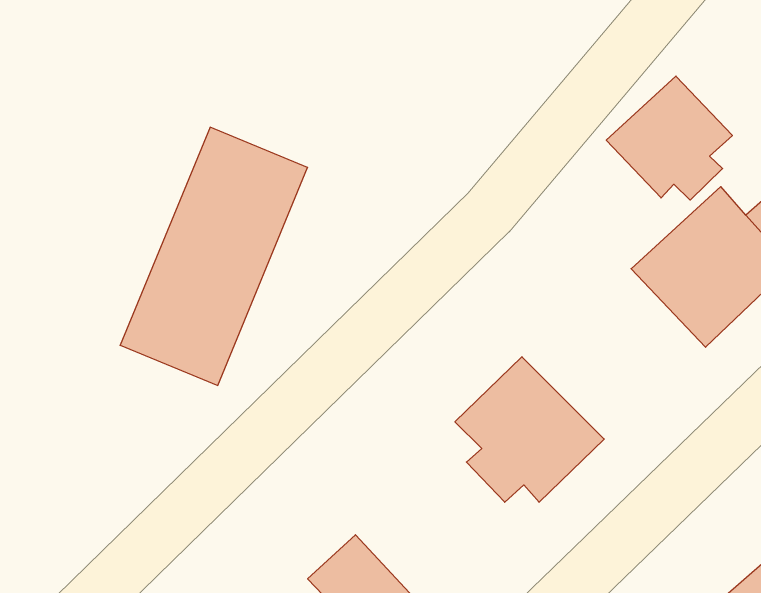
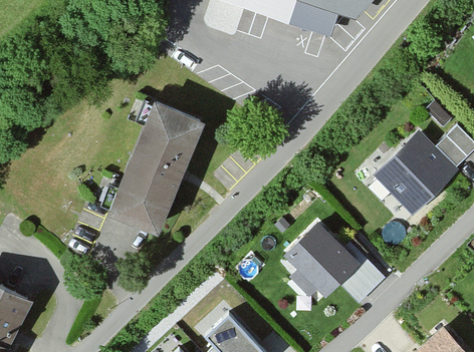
building: [606,76,732,200] -> none
building: none -> [341,262,382,301]

